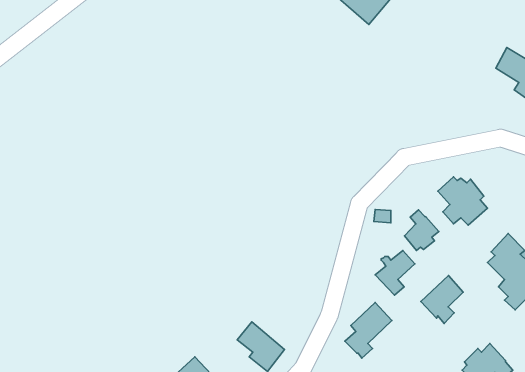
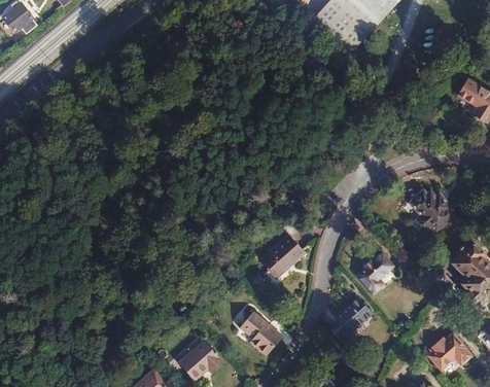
building: [405,210,439,250] -> none
building: none -> [261,234,304,276]
building: [421,275,463,324] -> none

